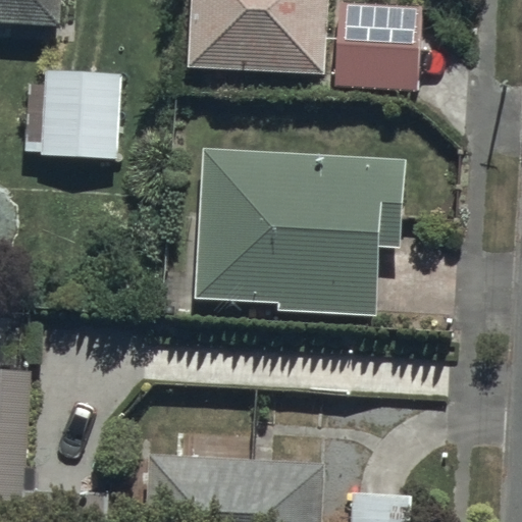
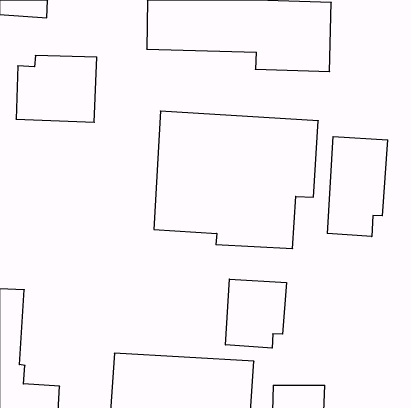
building: none -> [327,137,388,237]
building: none -> [226,279,286,348]

